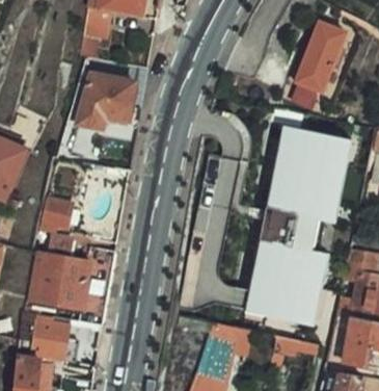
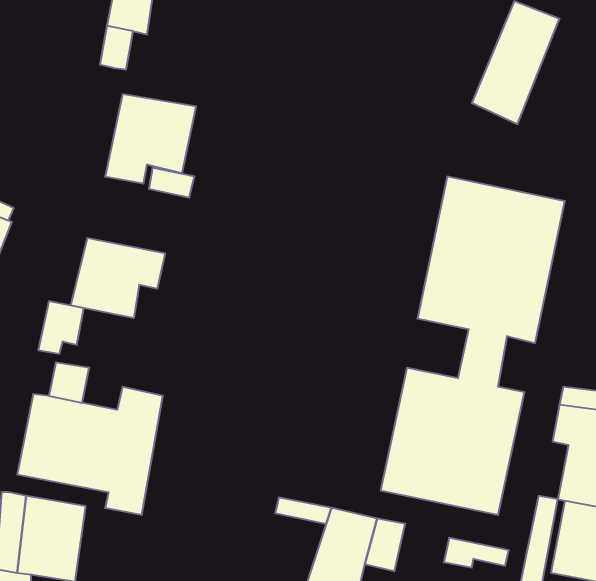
building: none -> [71,238,165,318]

